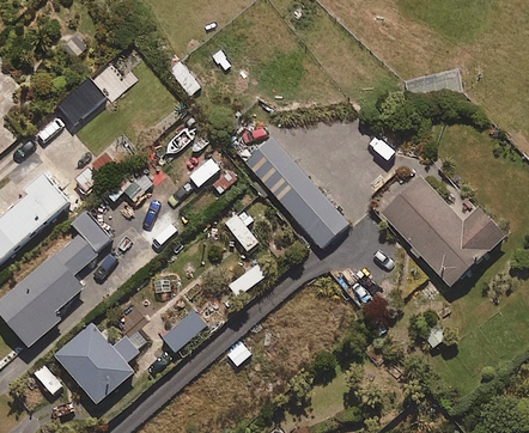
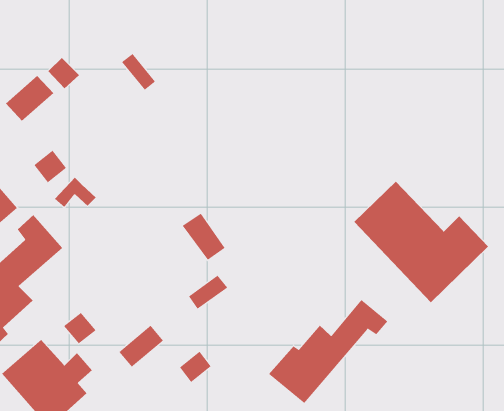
building: [243,136,349,250] -> none
building: none -> [268,299,388,404]

